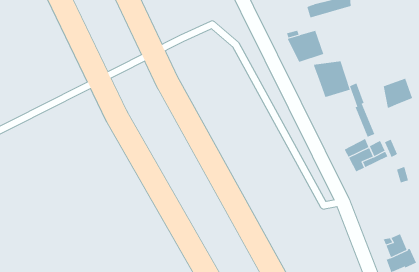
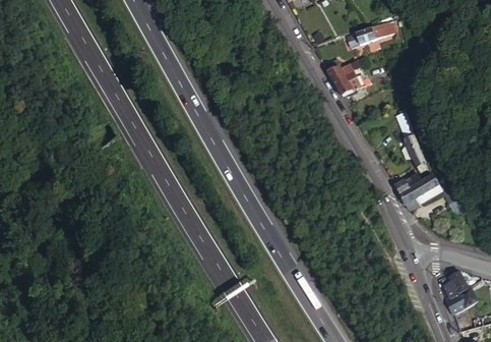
building: [314,61,350,98] -> none
building: [383,78,413,108] -> none

